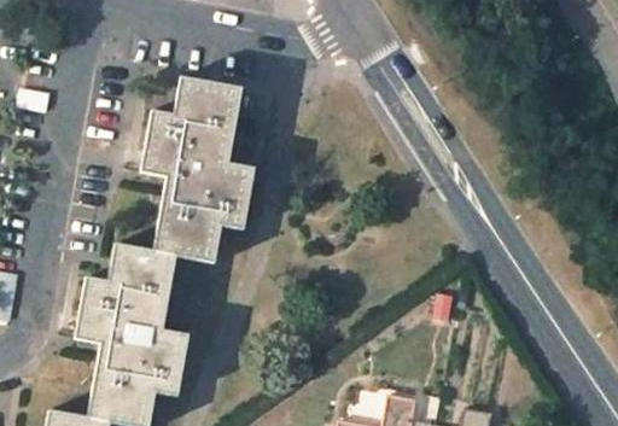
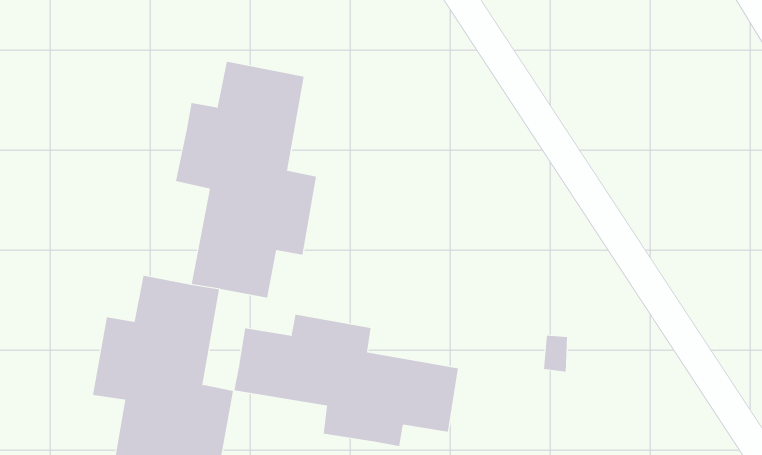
building: none -> [234,314,458,447]

